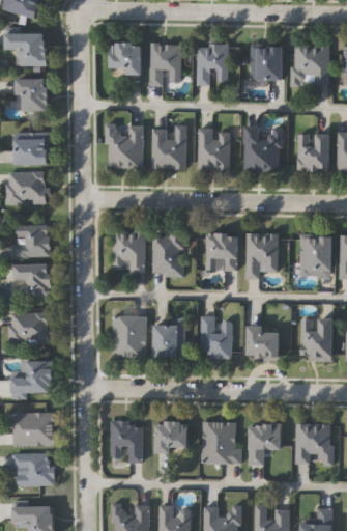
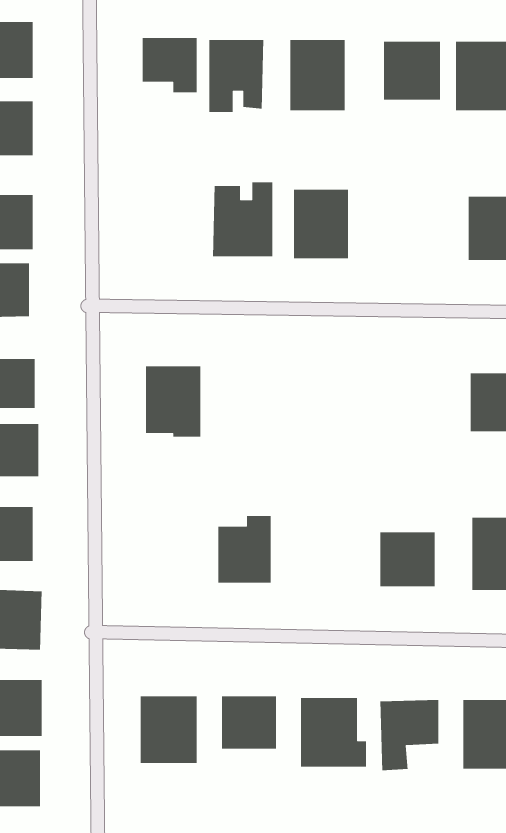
building: [107,125,144,169] -> none
building: [243,127,282,171] -> none
building: [206,233,237,271] -> none
building: [245,233,278,279] -> none
building: [152,234,183,275] -> none
building: [113,315,145,357] -> none
building: [200,316,231,359] -> none

